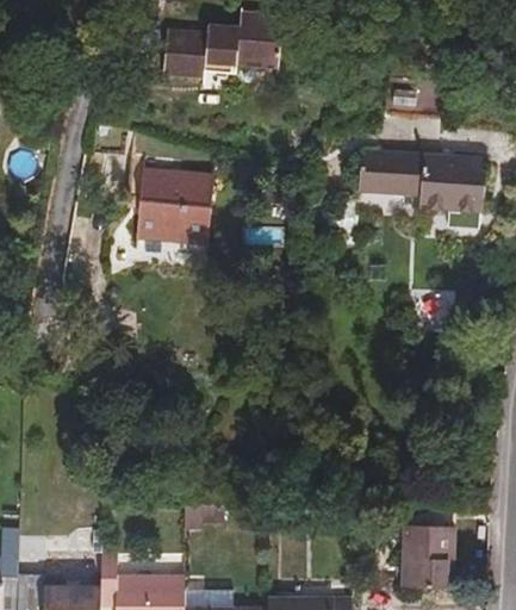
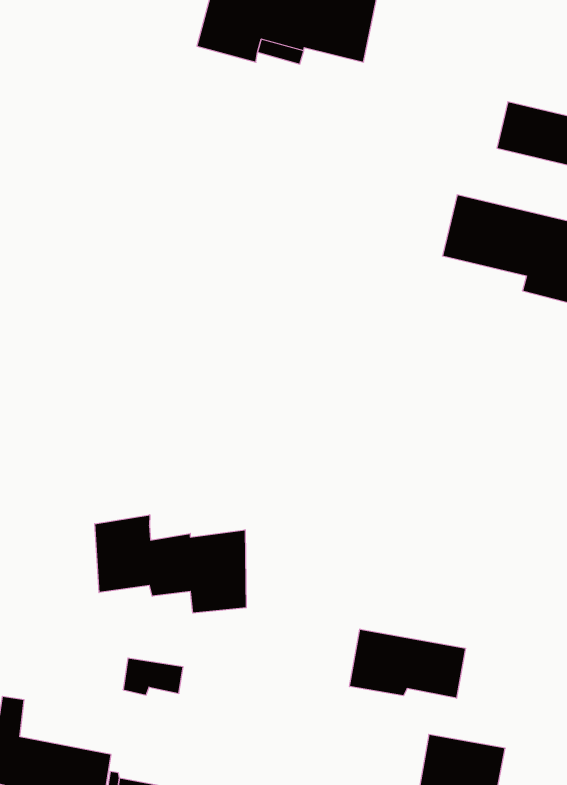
building: [137,154,213,228] -> none
building: none -> [95,515,246,613]
building: none -> [350,629,465,698]

